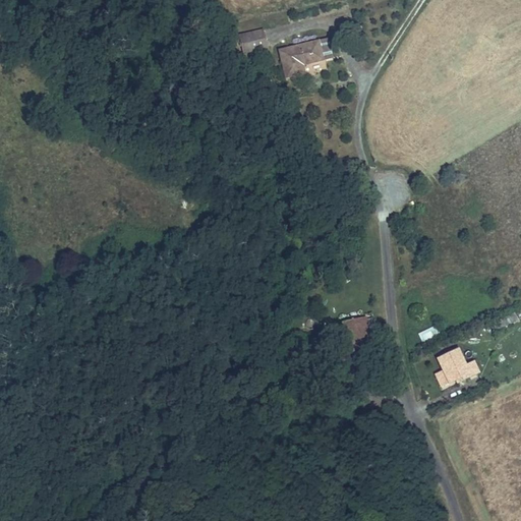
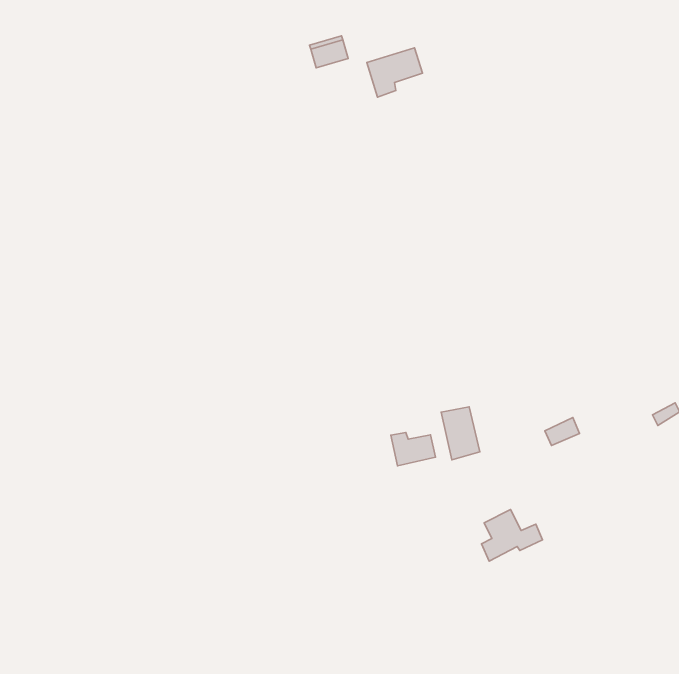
building: none -> [391,433,435,466]
building: [437,348,483,388] -> [481,509,542,561]

